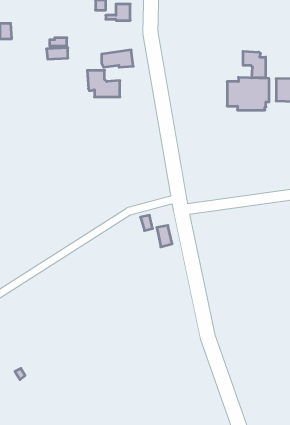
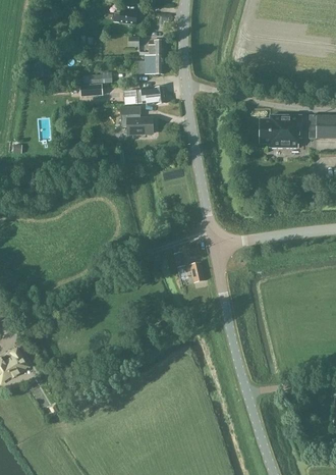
building: none -> [138,55,164,73]
building: [243,51,266,78] -> none

